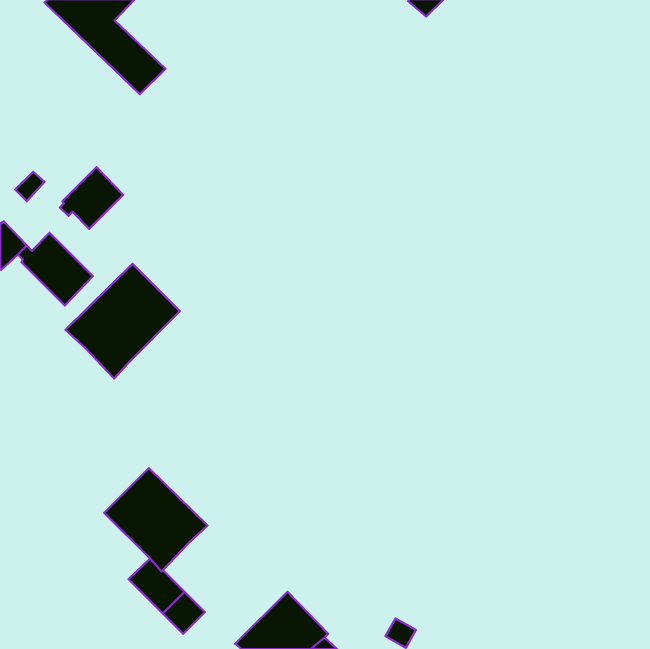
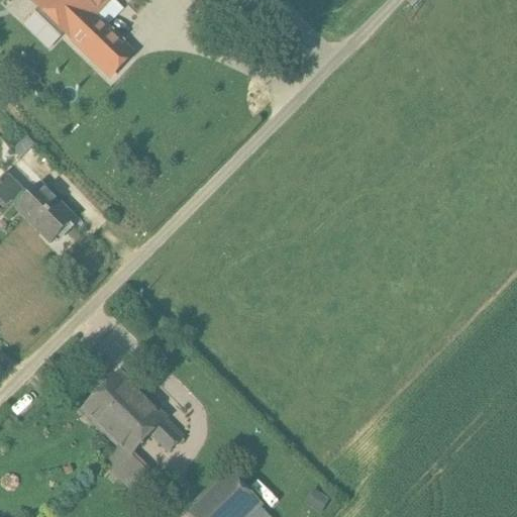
building: [60,167,123,229] -> none
building: [65,264,180,378] -> none
building: none -> [149,417,182,448]

